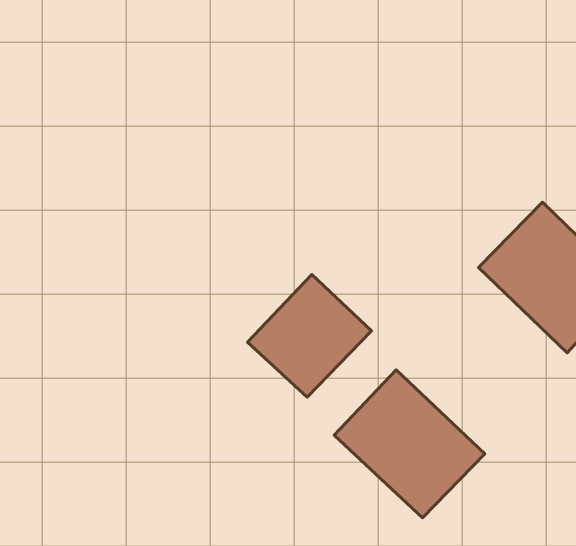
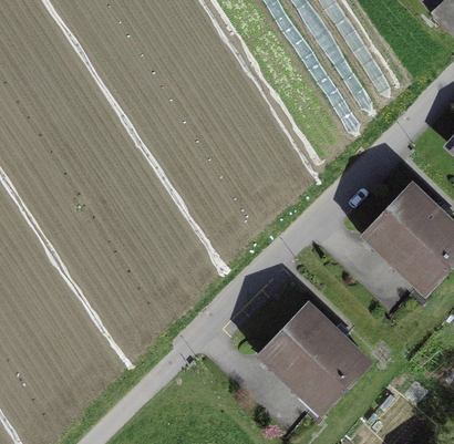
building: [248,275,372,397] -> none

